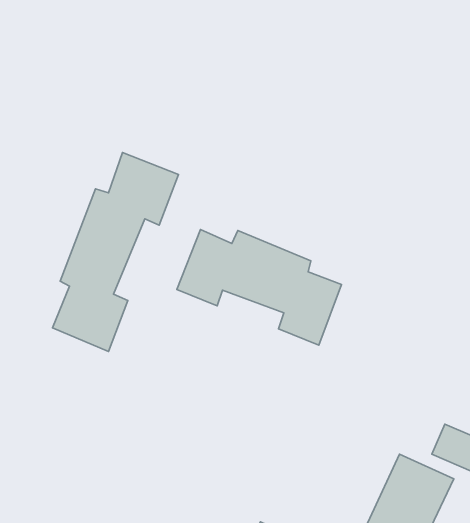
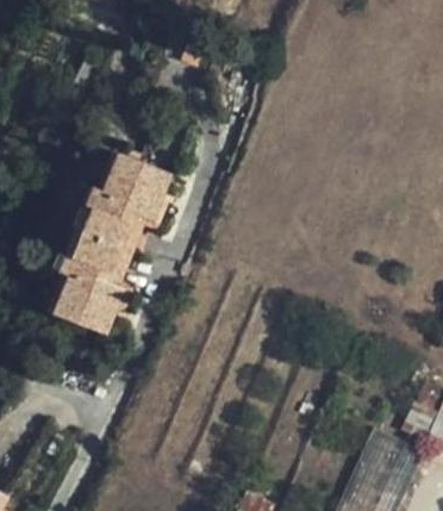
building: [177,230,342,345] -> none

